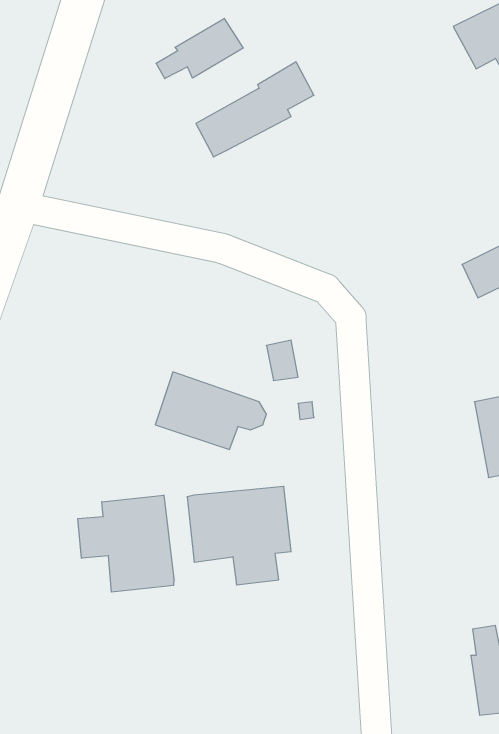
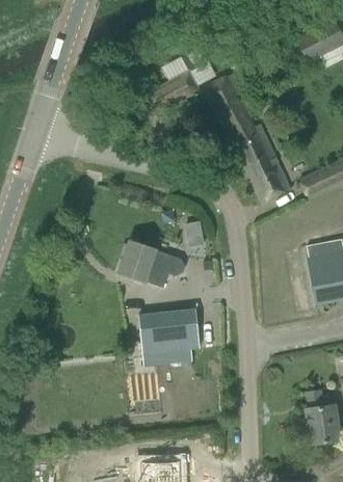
building: [156,18,243,79] -> none
building: none -> [204,73,289,200]
building: [78,495,174,592] -> none

